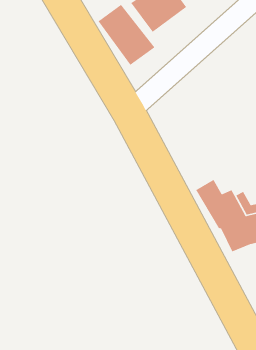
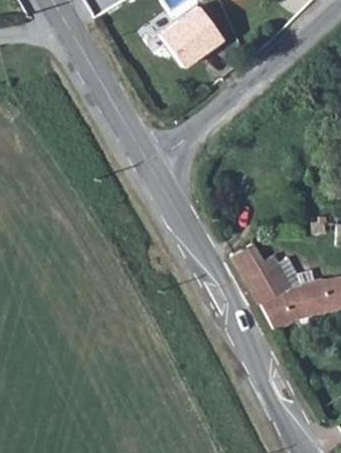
building: [98,4,156,66] -> none

